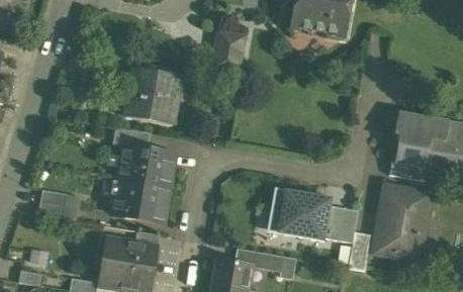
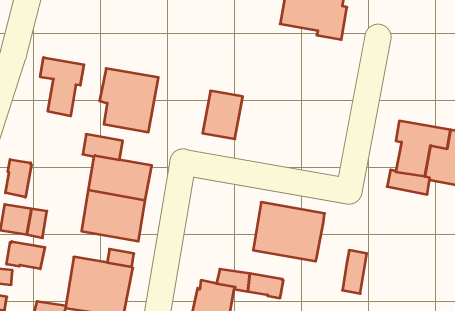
building: [209,28,246,72] -> [203,91,243,139]
building: none -> [40,57,84,116]
building: none -> [5,159,31,197]
building: [375,185,429,258] -> none
building: [325,205,358,241] -> none
building: none -> [7,241,45,269]

